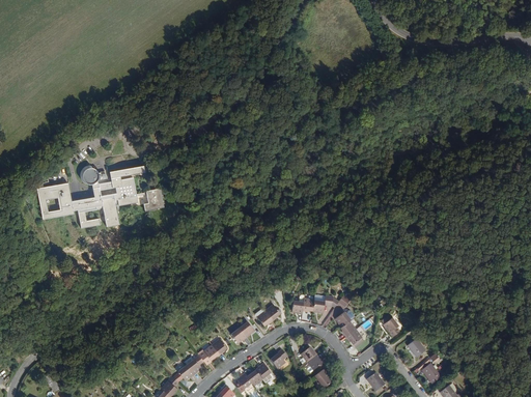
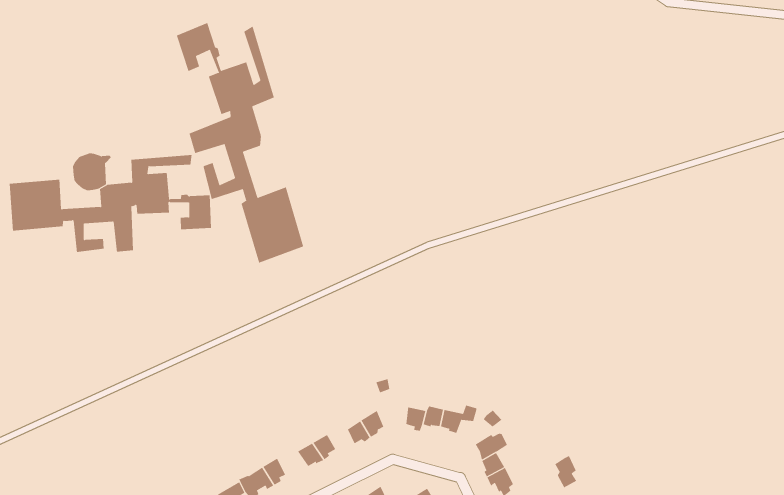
building: none -> [176,22,304,263]

